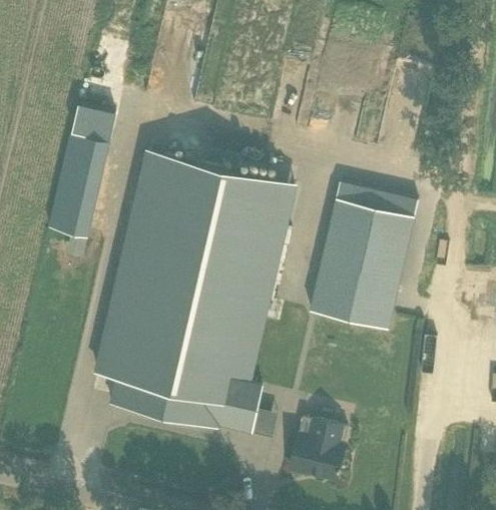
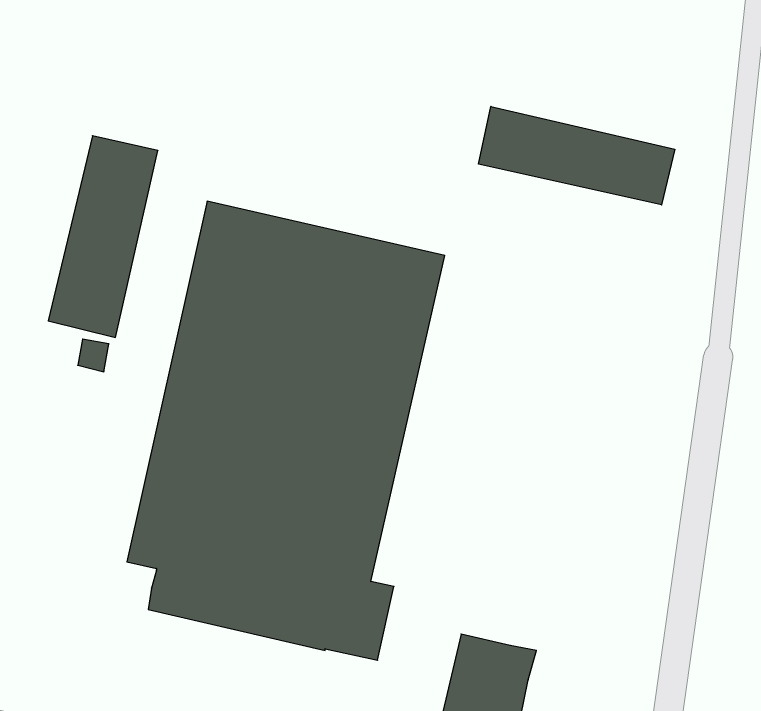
building: none -> [479,106,675,205]
building: [310,181,418,329] -> none

